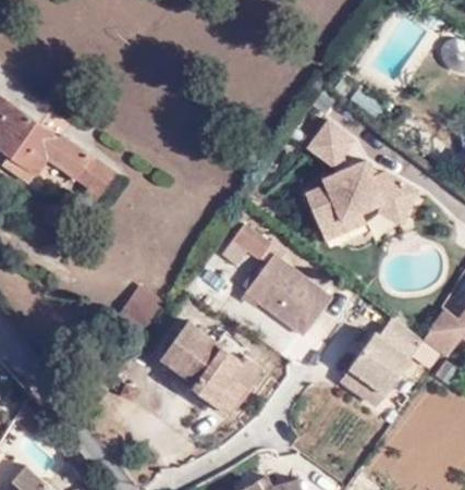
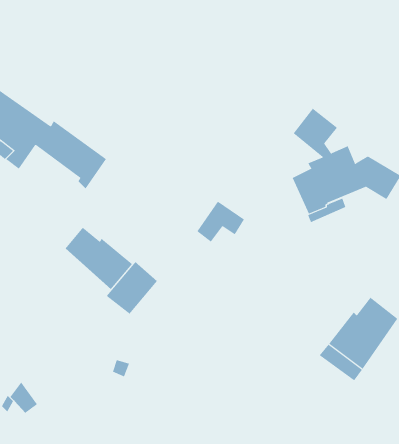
building: none -> [65,227,133,290]
building: [241,253,326,332] -> none
building: [162,320,264,404] -> none

